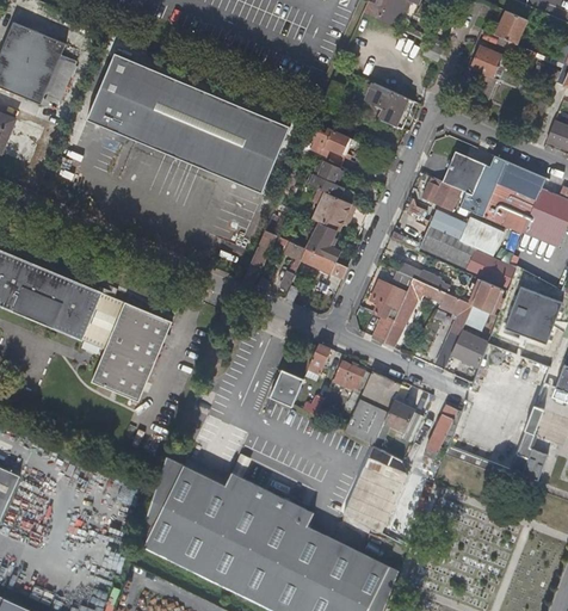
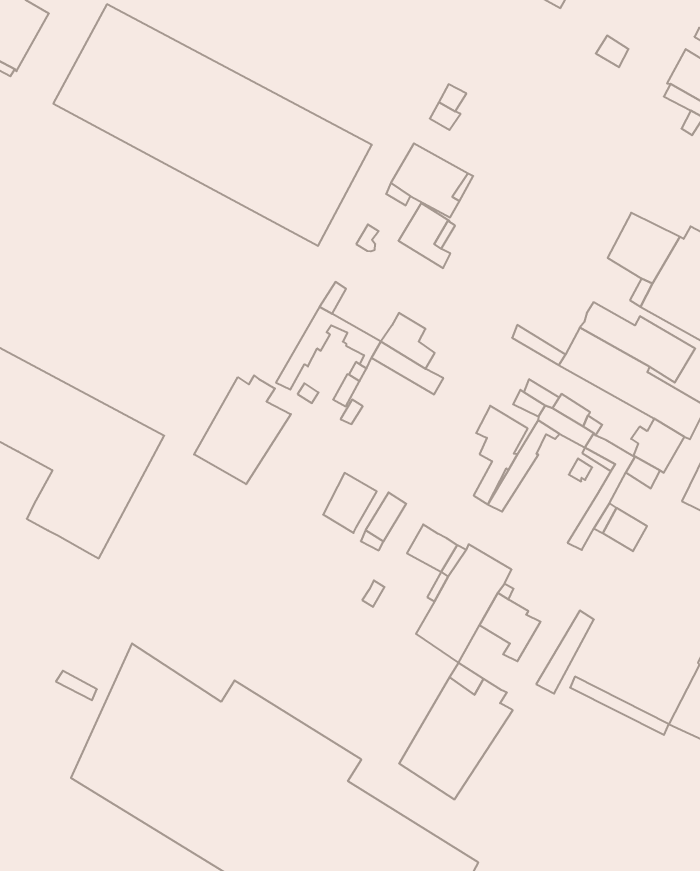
building: [366,84,413,124] -> none
building: [420,177,458,211] -> none
building: [310,192,354,232] -> none
building: none -> [194,375,291,484]
building: [270,370,302,407] -> [323,473,377,533]

